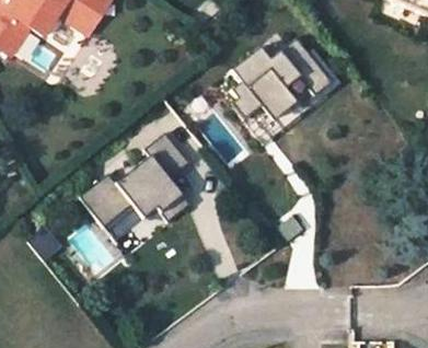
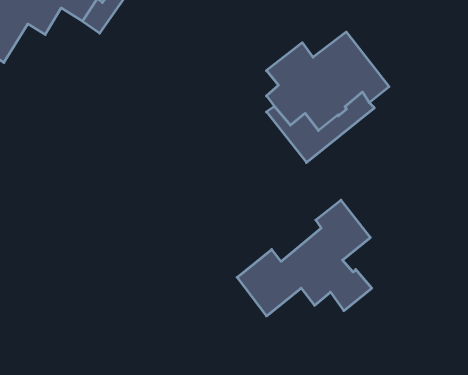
building: [81,130,192,225] -> [237,200,372,316]

